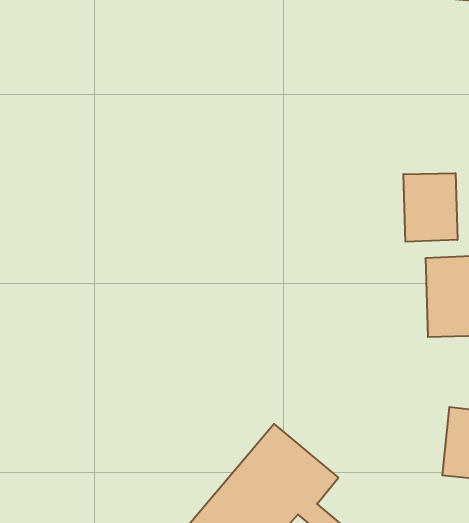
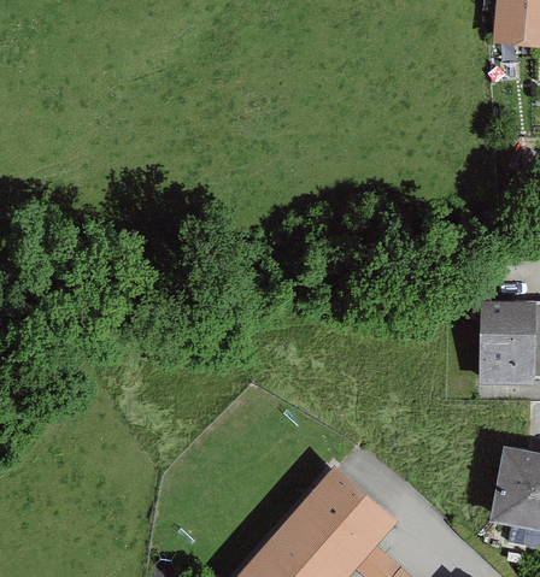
building: [403,173,457,242] -> none

